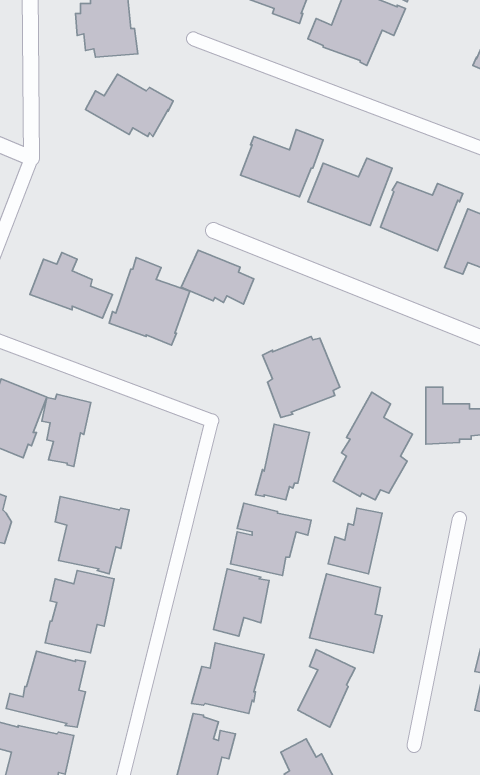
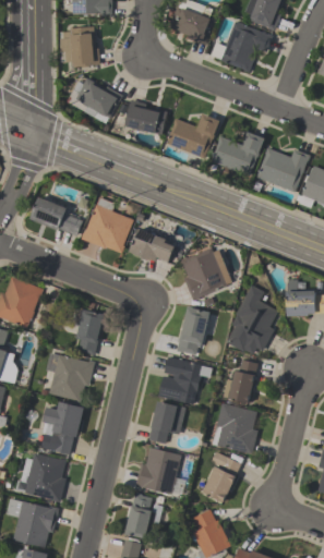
building: none -> [123,100,167,135]
building: [181,250,254,304] -> [128,230,175,265]
building: [42,394,91,467] -> [73,307,105,354]

